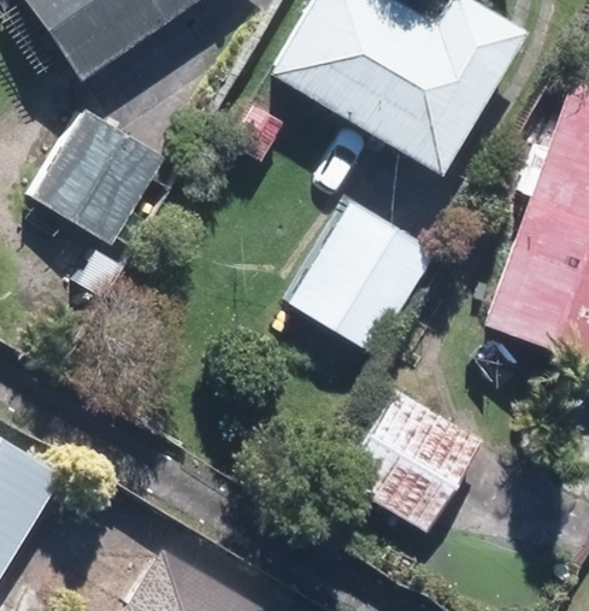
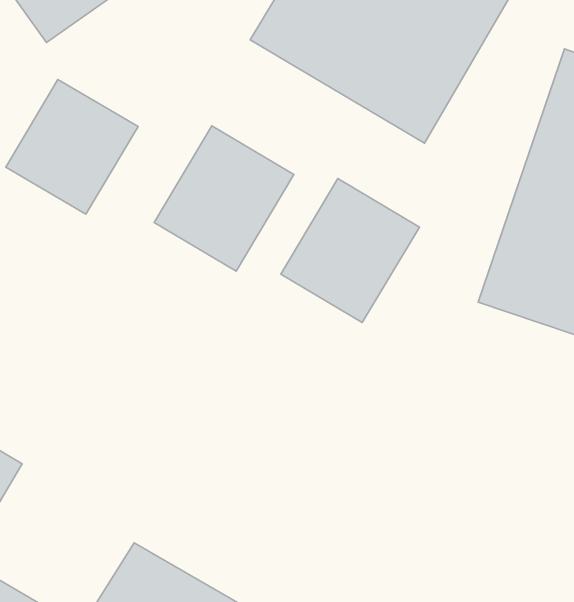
building: none -> [154,126,294,271]
building: [347,392,481,528] -> none

